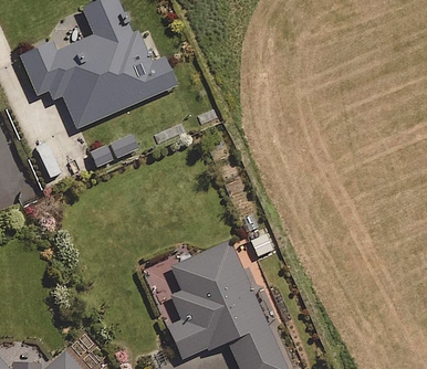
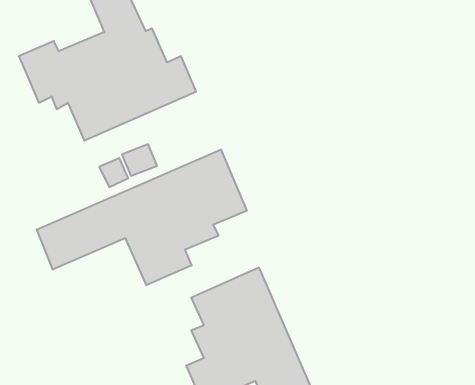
building: none -> [37,149,247,285]

